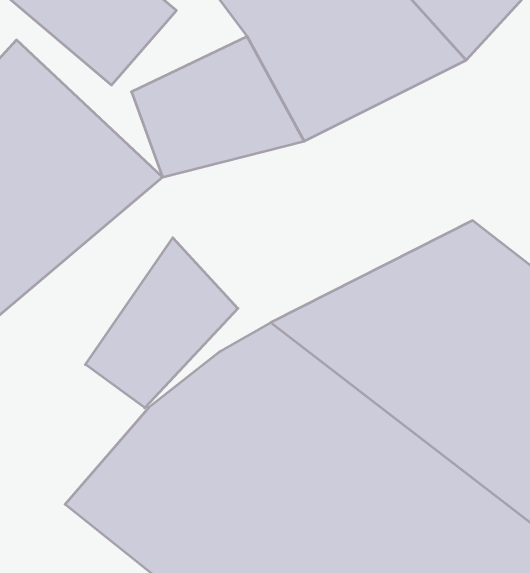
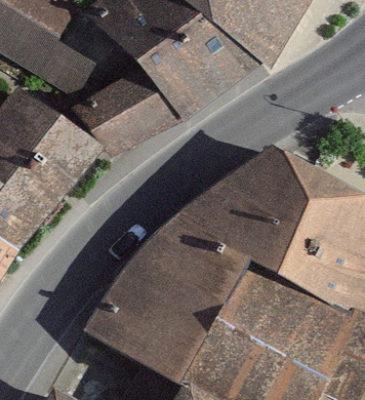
building: [85,238,238,408] -> none

